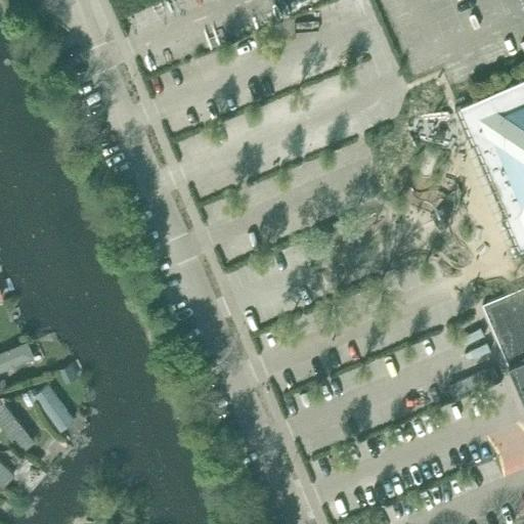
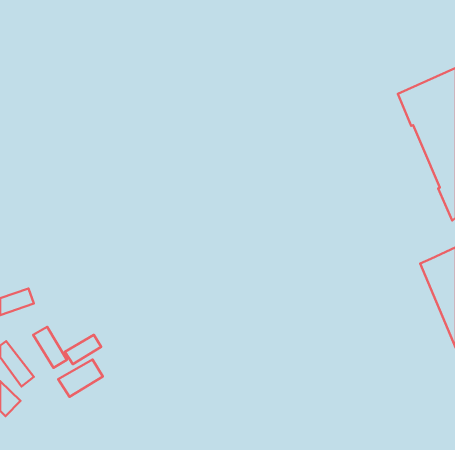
building: none -> [65,335,101,364]
building: none -> [58,359,103,397]

